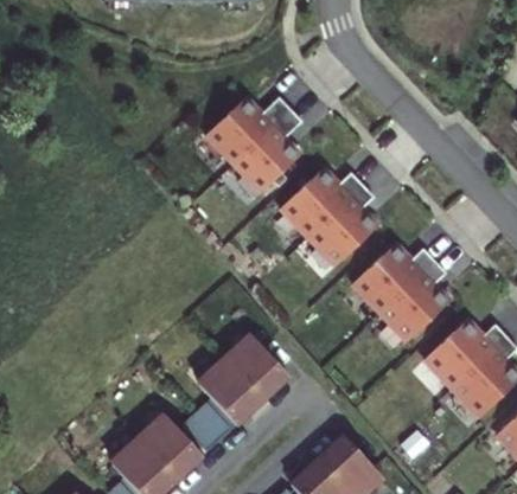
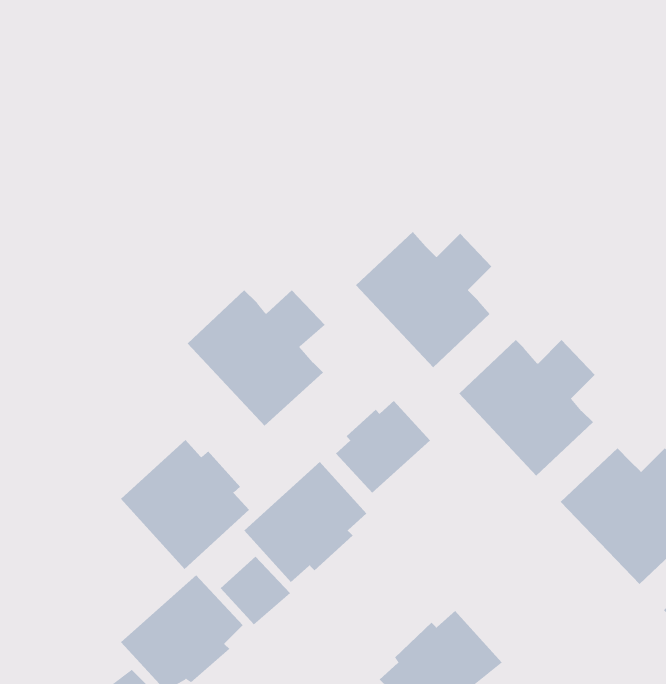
building: [206,98,304,194] -> [187,289,326,427]
building: none -> [335,400,431,494]
building: none -> [120,439,250,570]

